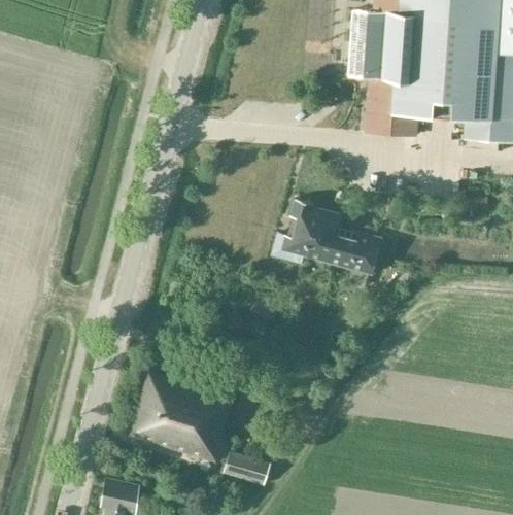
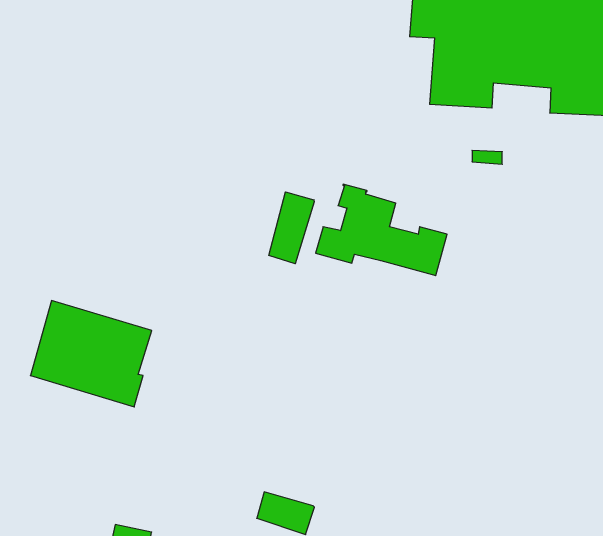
building: none -> [269,192,314,264]
building: [132,371,232,458] -> [30,301,152,407]

